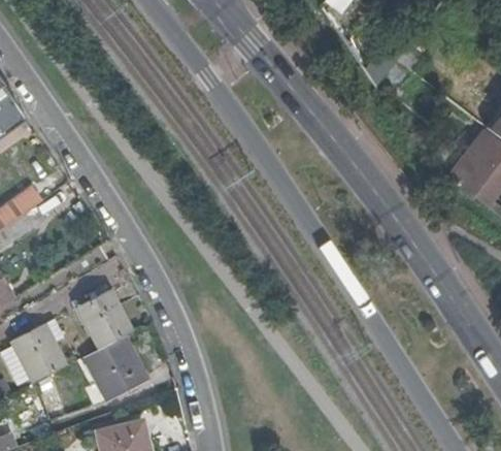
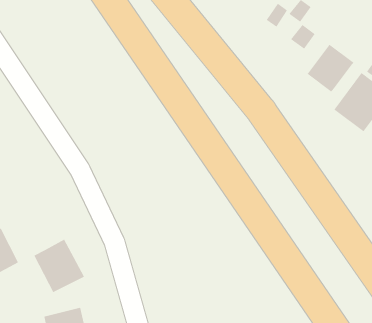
building: none -> [307,44,354,93]
building: [75,287,132,348] -> none

